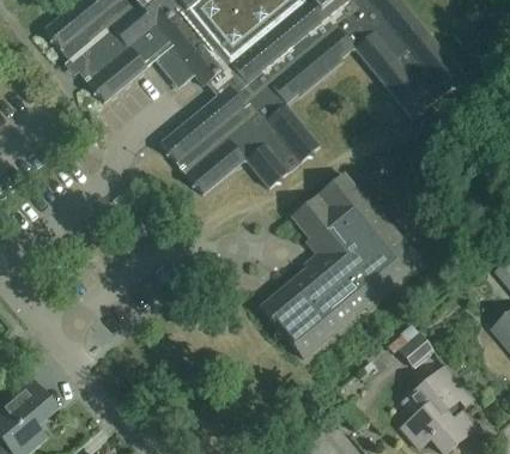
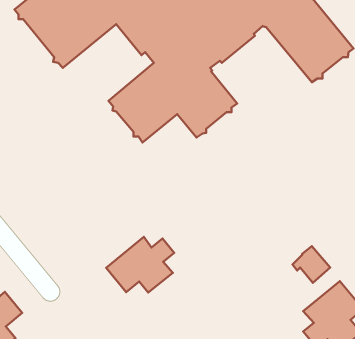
building: [260,175,423,358] -> none
building: none -> [106,237,174,292]

